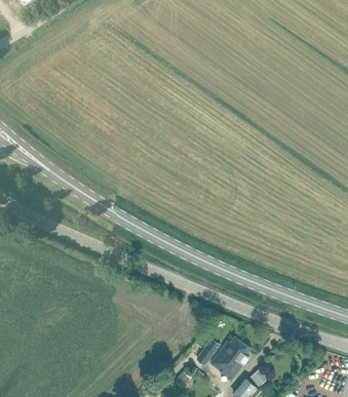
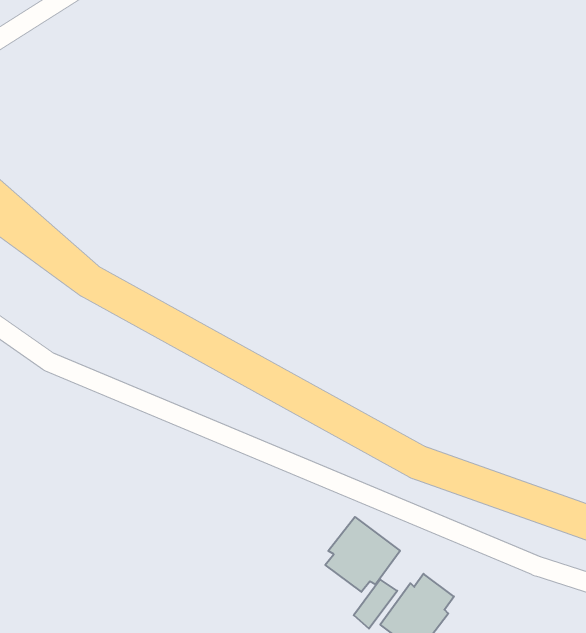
building: none -> [325,517,400,592]

